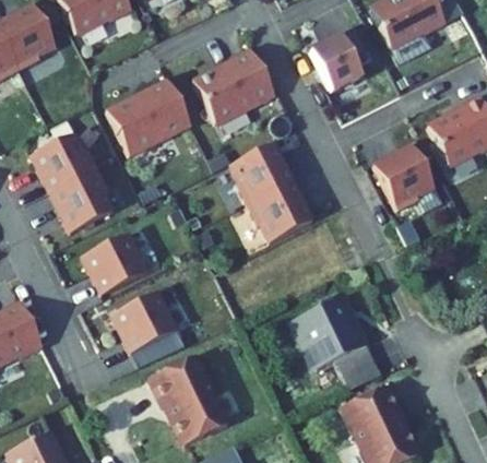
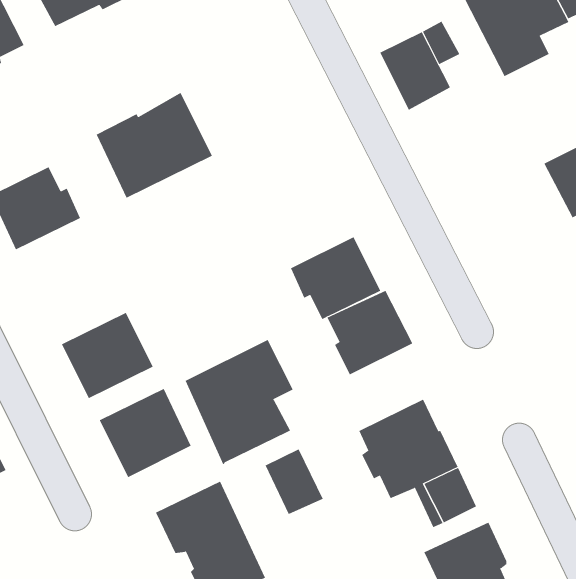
building: [193,48,275,119] -> none
building: [230,142,293,203] -> [327,290,413,375]
building: [375,146,435,213] -> none
building: [49,167,111,229] -> none
building: none -> [185,339,293,466]
building: none -> [265,449,323,515]

